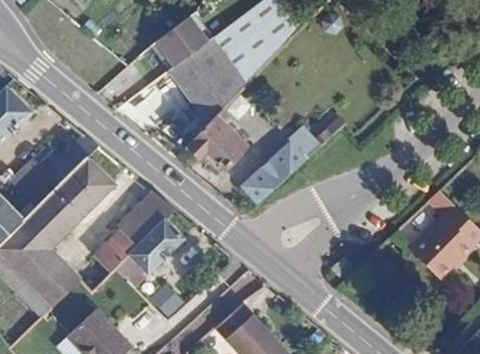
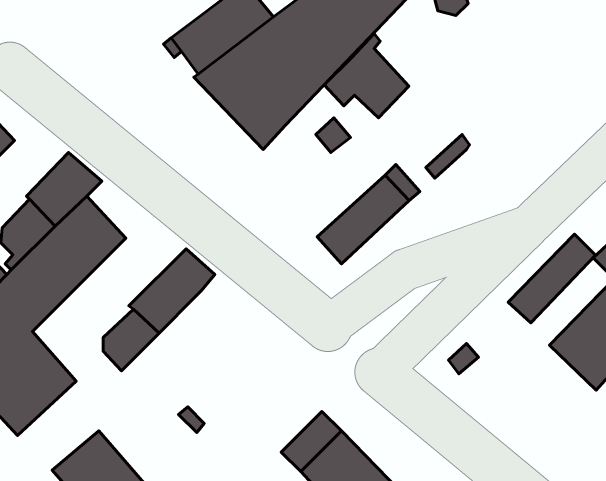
building: [187,110,244,166] -> [324,34,409,118]
building: none -> [508,234,596,323]
building: [114,221,183,288] -> none

